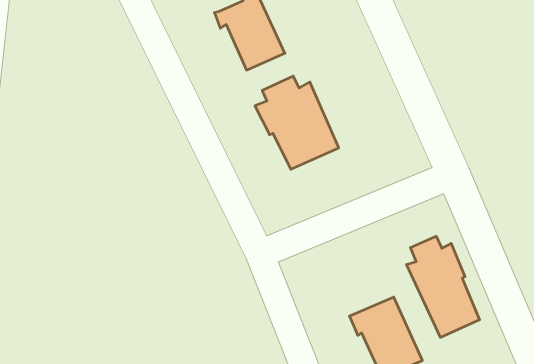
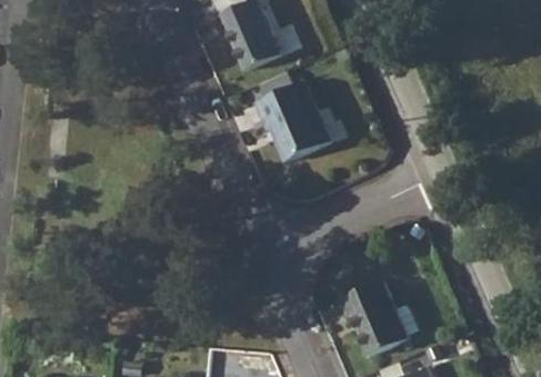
building: [407,236,480,337] -> none

